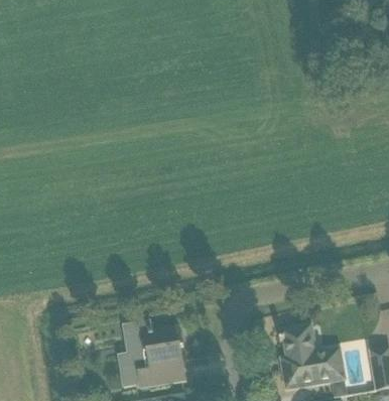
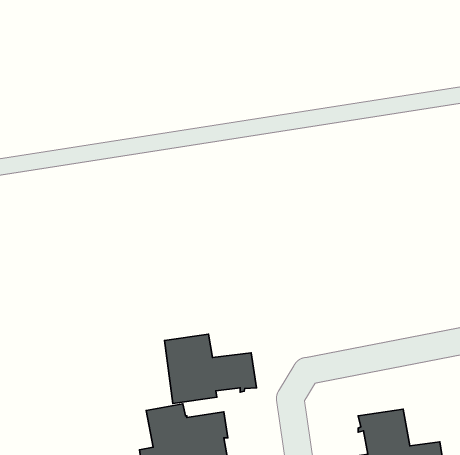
building: none -> [165,334,256,404]

